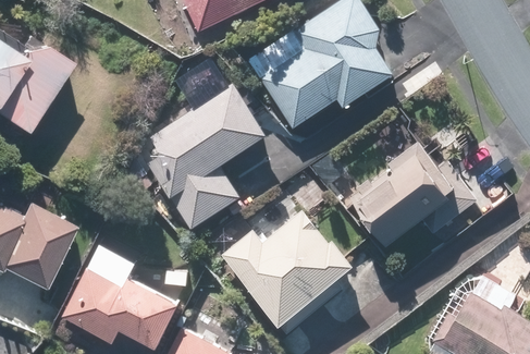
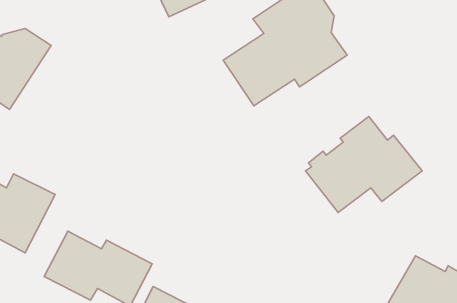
building: [137,83,268,230] -> none
building: [222,209,355,327] -> none

